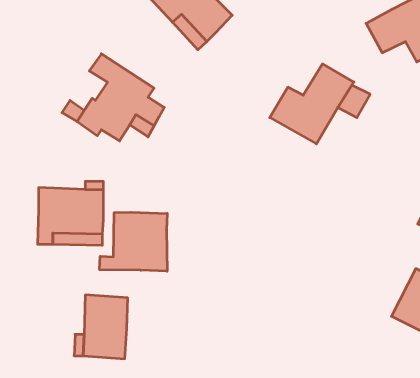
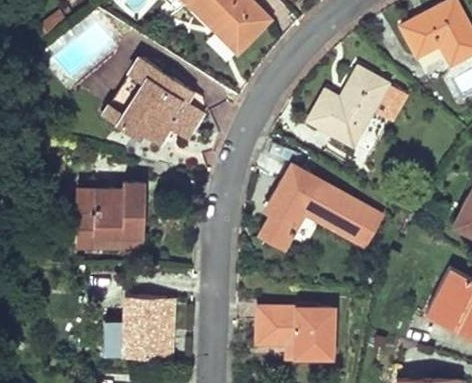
building: none -> [260,165,383,248]
building: [100,212,167,271] -> none
building: none -> [257,306,334,358]

